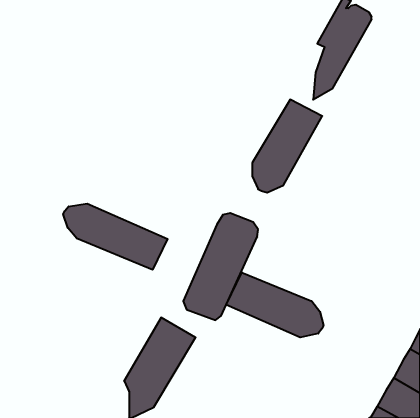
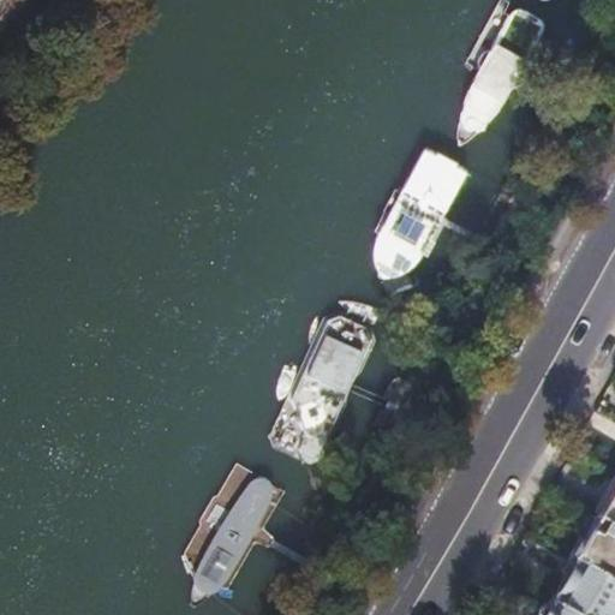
building: [63,204,168,270] -> none
building: [226,272,323,337] -> none

